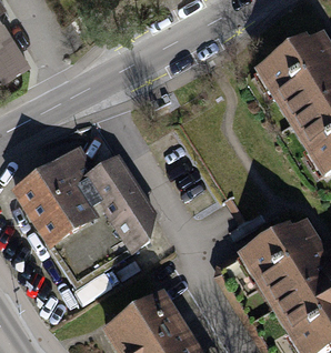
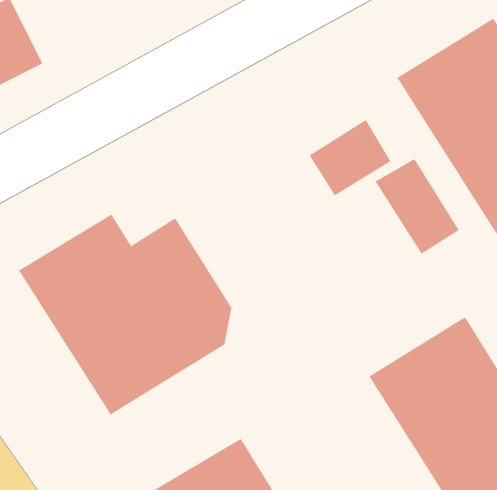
building: none -> [309,119,391,196]
building: none -> [375,158,460,254]

